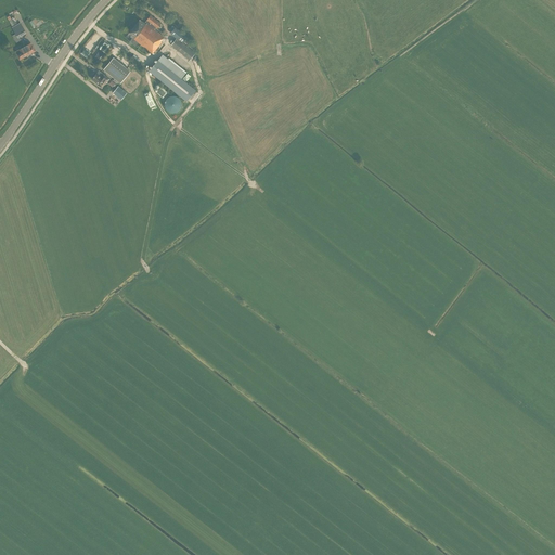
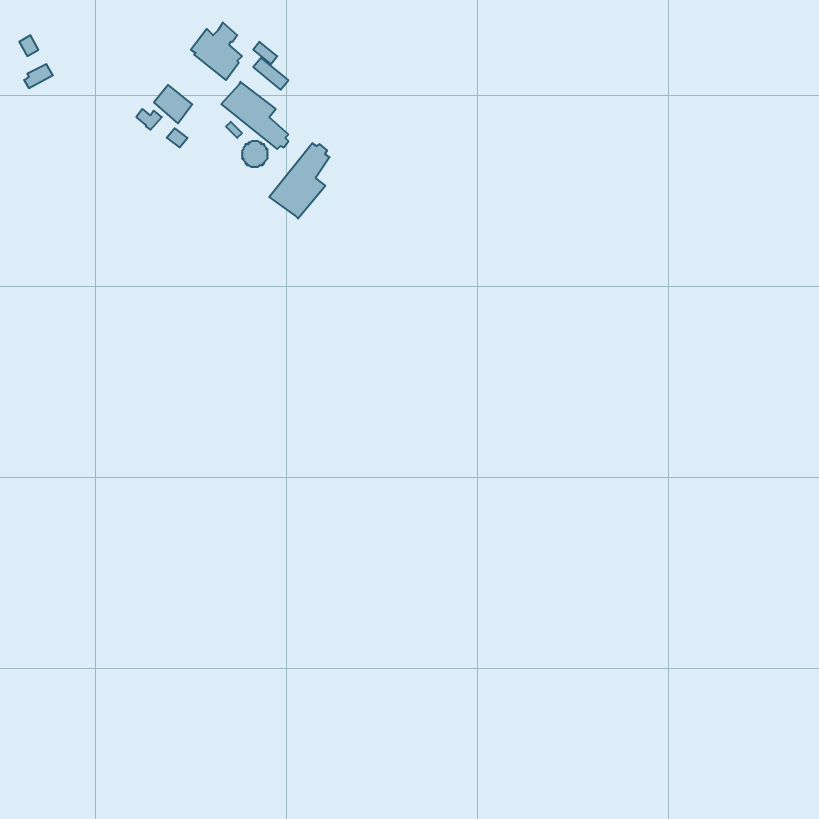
building: none -> [269,143,330,219]

